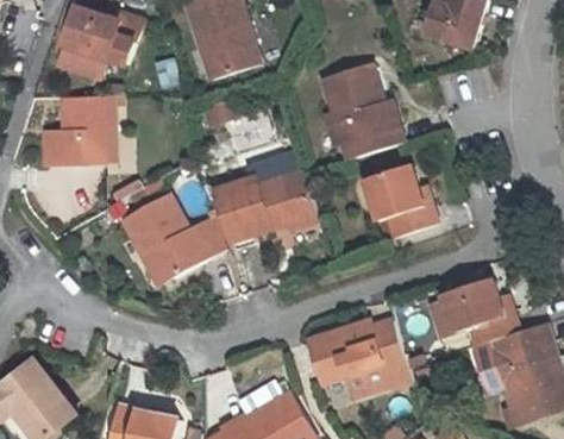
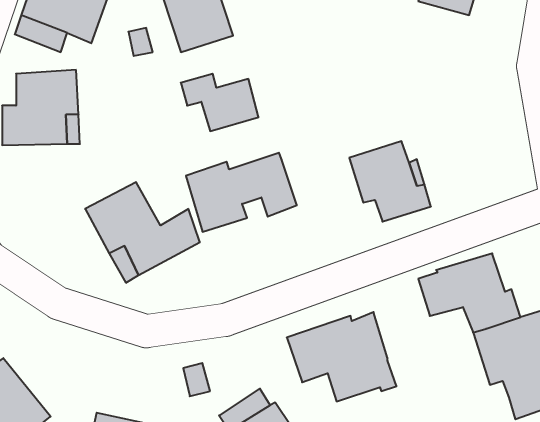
building: [321,63,402,162] -> none

